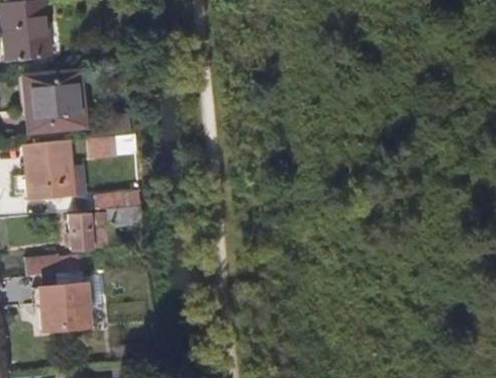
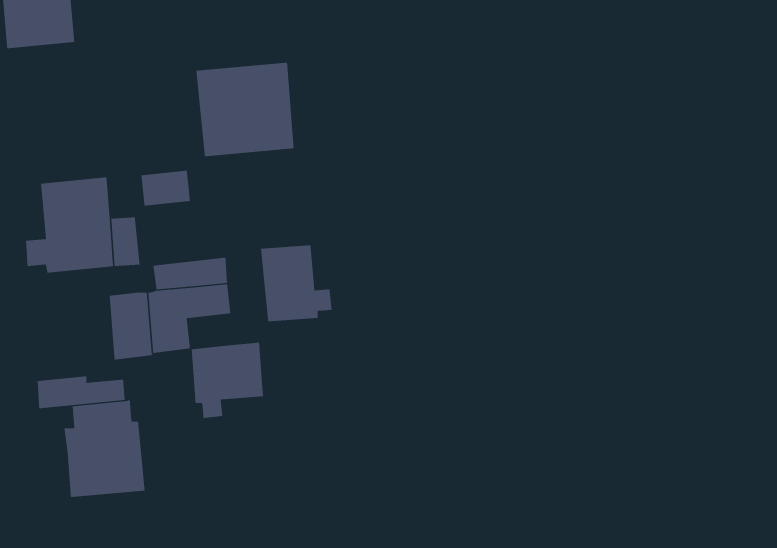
building: [22,74,82,131] -> [196,62,294,157]
building: none -> [260,244,333,322]
building: none -> [191,342,264,419]

